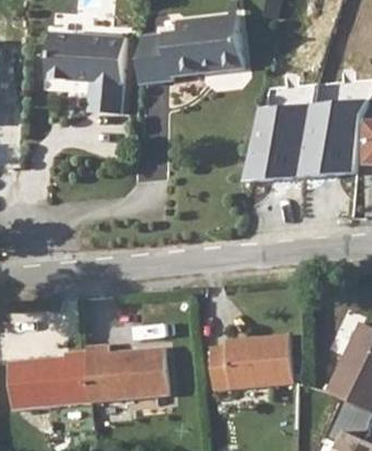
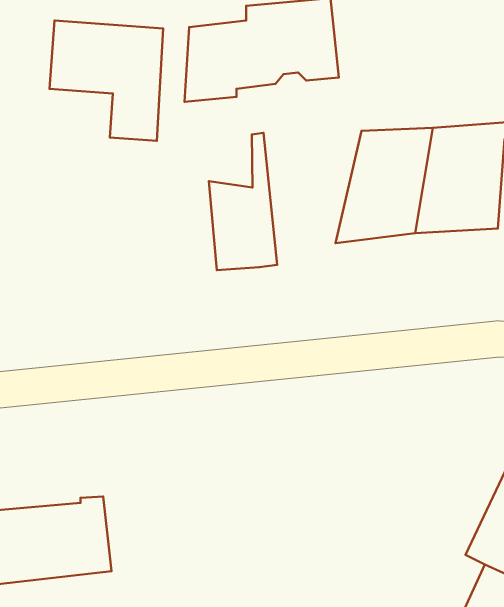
building: none -> [209,133,277,270]
building: [209,336,294,389] -> none
building: [84,343,165,403] -> none

